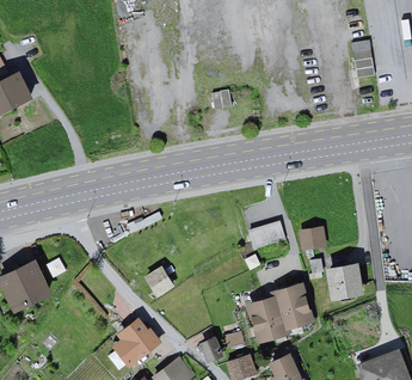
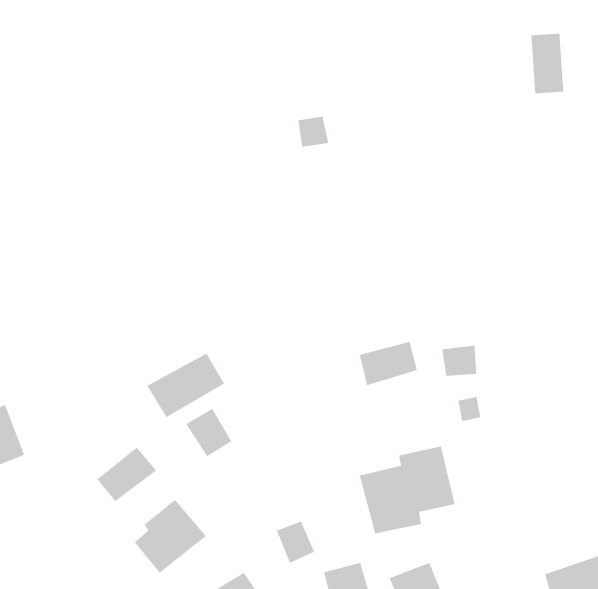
building: none -> [146,353,225,418]
building: [326,263,361,298] -> none
building: none -> [96,446,157,502]

